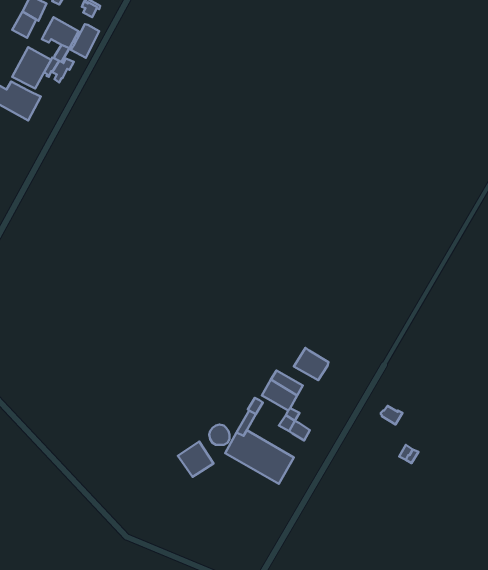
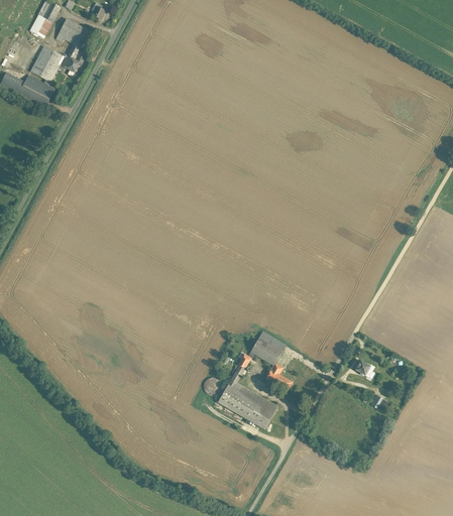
building: [71,24,99,58] -> none
building: [294,348,329,380] -> none
building: [178,441,214,477] -> none

